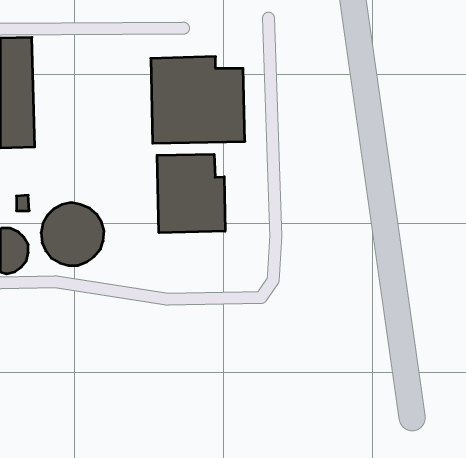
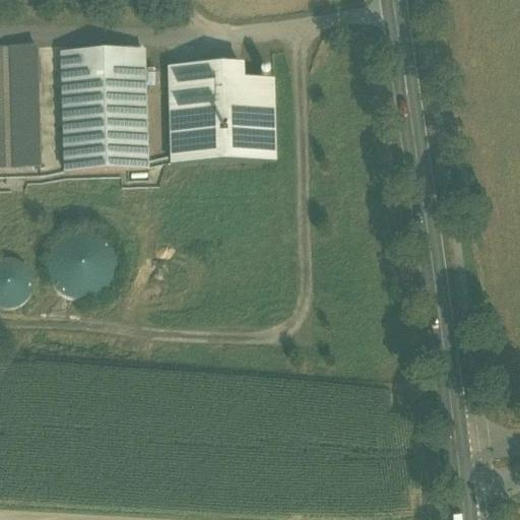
building: none -> [61,48,146,167]
building: [157,154,225,233] -> none

